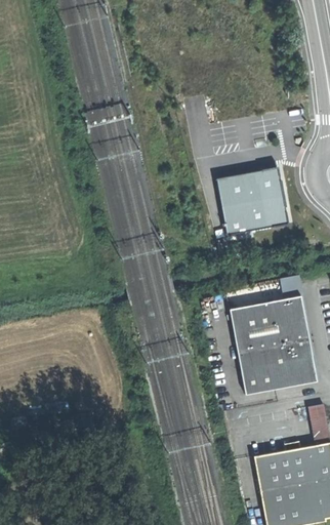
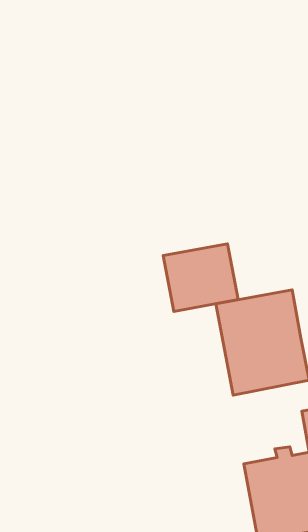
building: [217,168,289,233] -> [163,244,238,311]

